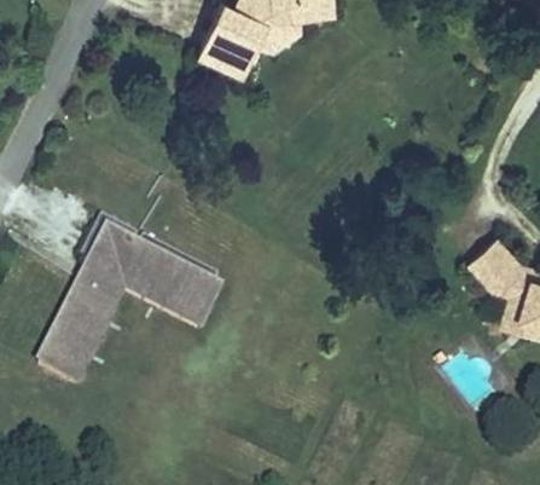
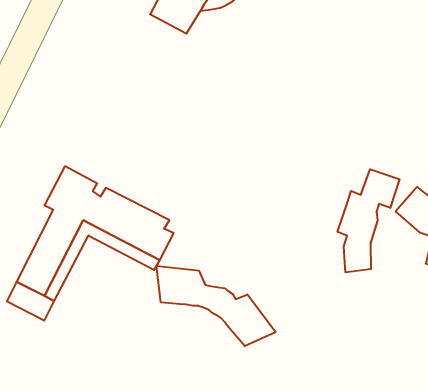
building: none -> [338,169,400,272]
building: none -> [156,266,276,346]

